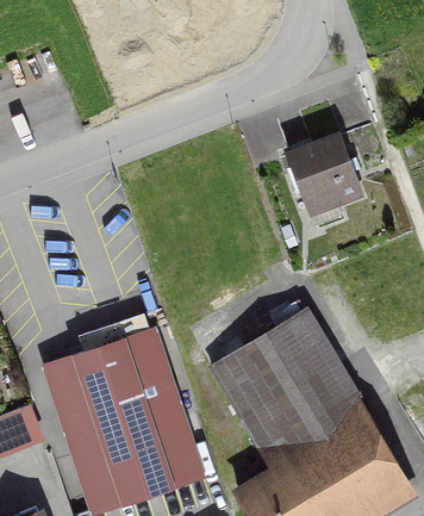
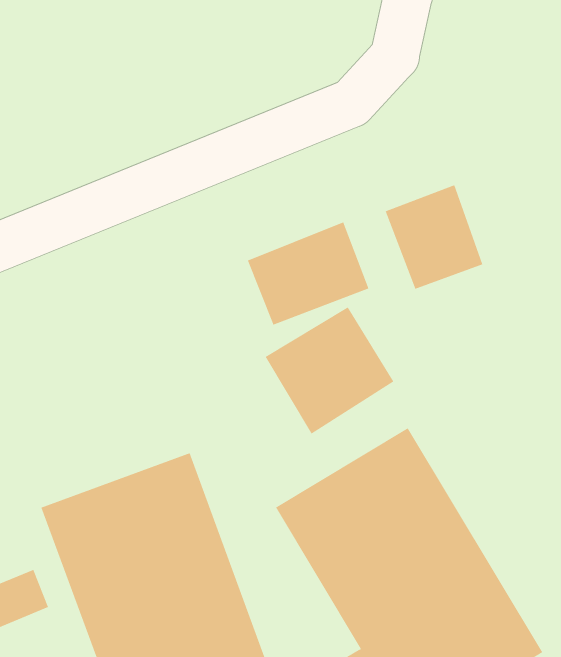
building: none -> [247,221,369,325]
building: none -> [265,307,394,434]

